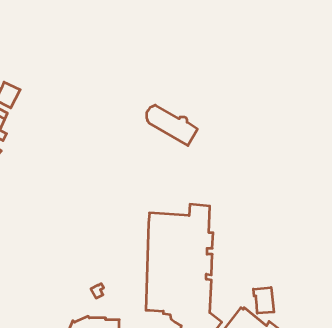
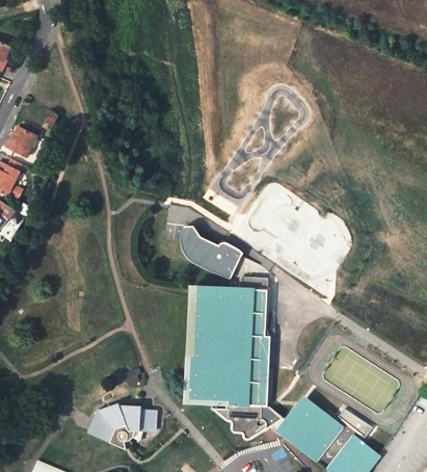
building: [147,105,197,146] -> [179,227,240,276]
building: [253,287,274,313] -> none

